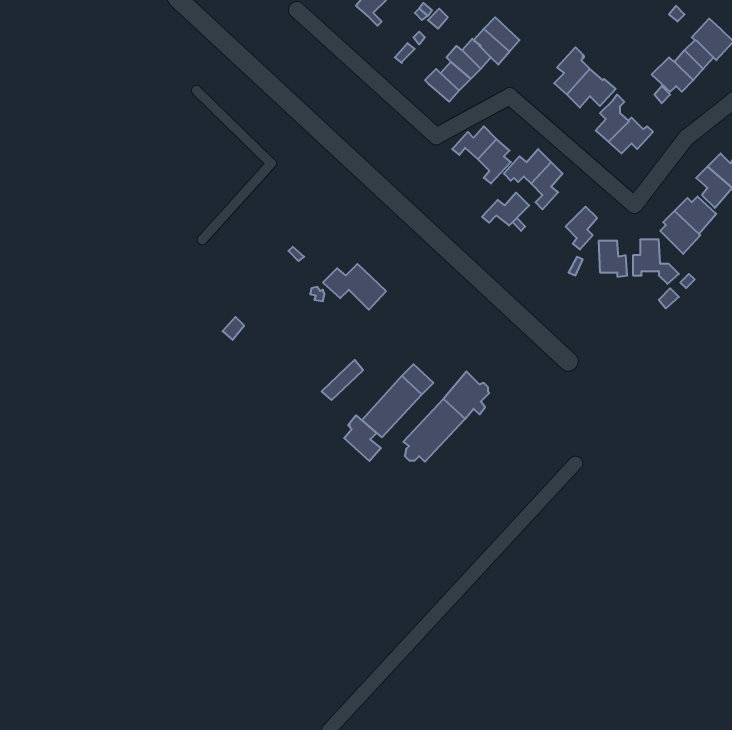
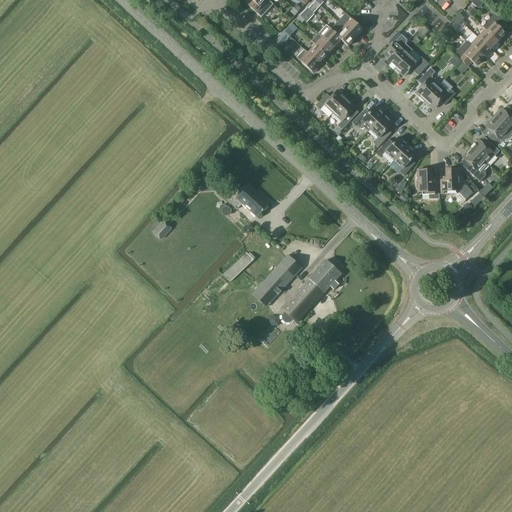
building: [482,193,529,226] -> [376,135,409,158]
building: [344,415,381,461] -> none

